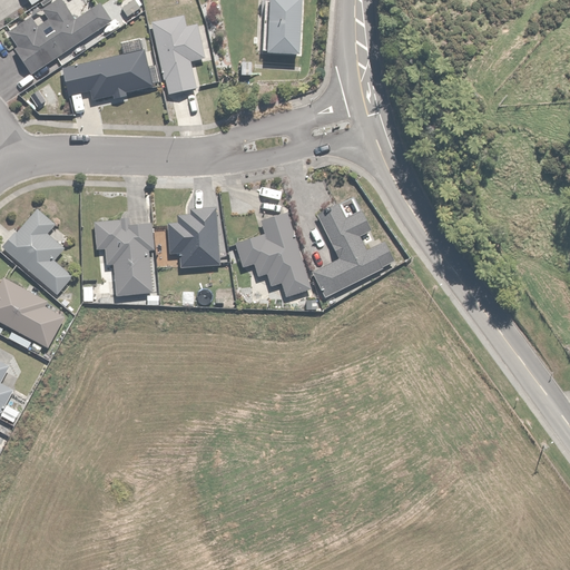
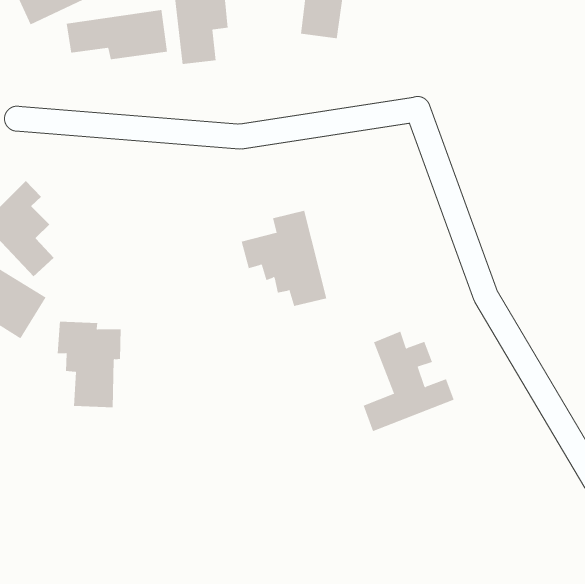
building: [313,204,393,295] -> [363,331,454,432]
building: [167,208,219,268] -> none
building: [96,219,154,295] -> [57,321,121,408]

